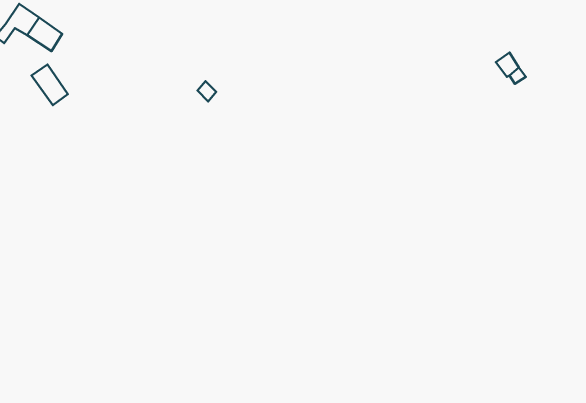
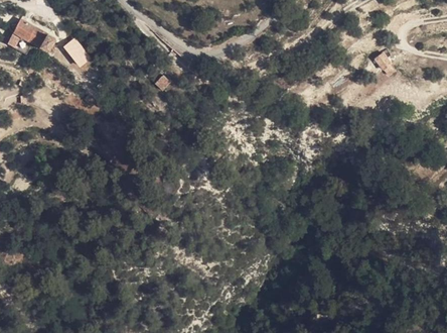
building: [31,65,68,105] -> [63,36,91,67]

